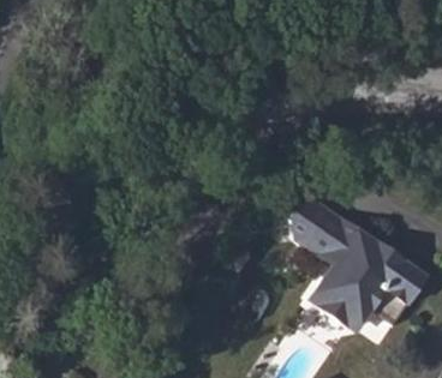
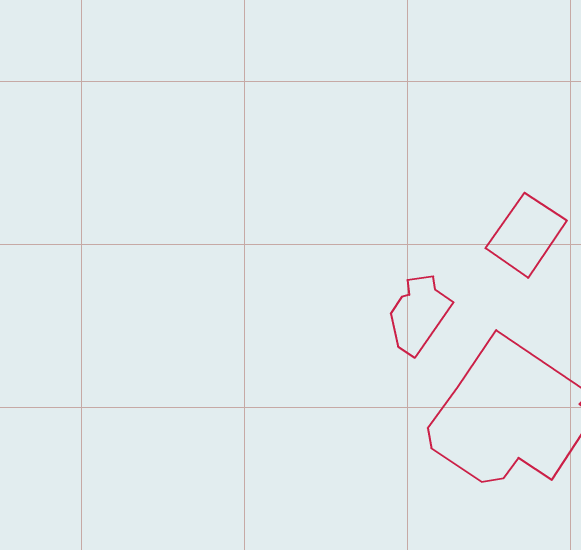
building: [306,210,359,265] -> [485,193,567,278]

